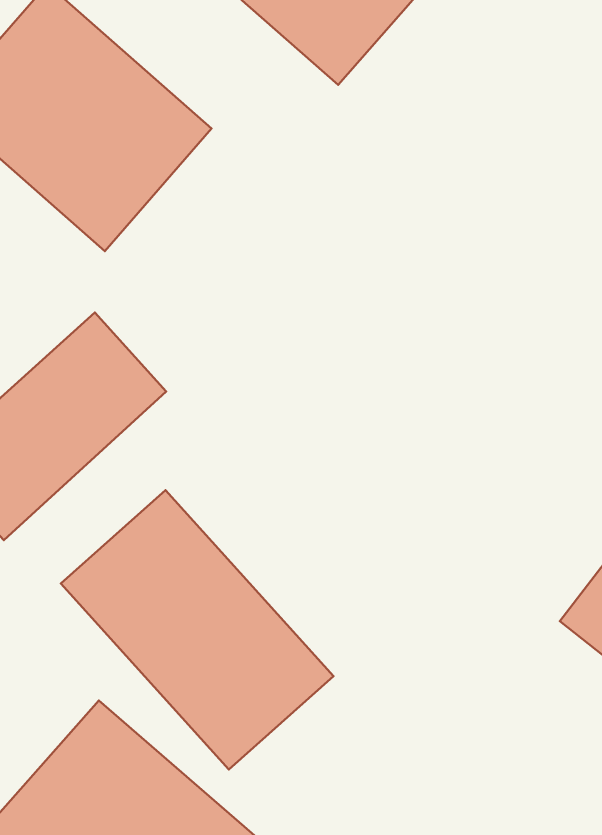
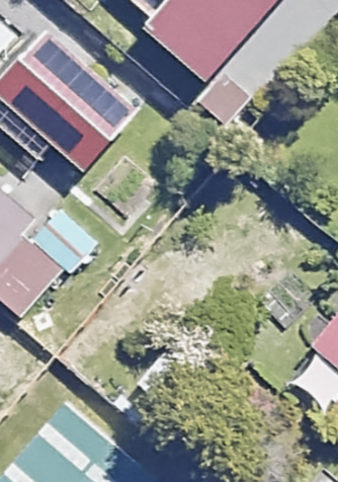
building: [61,490,334,770] -> none

